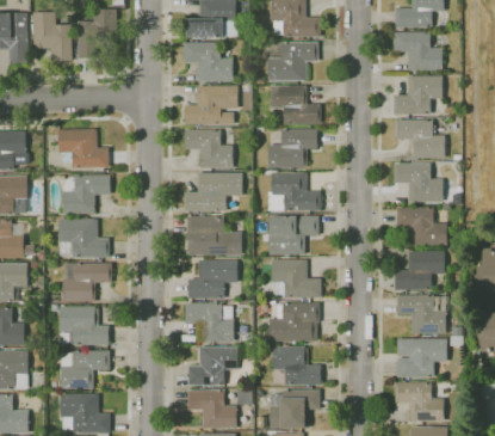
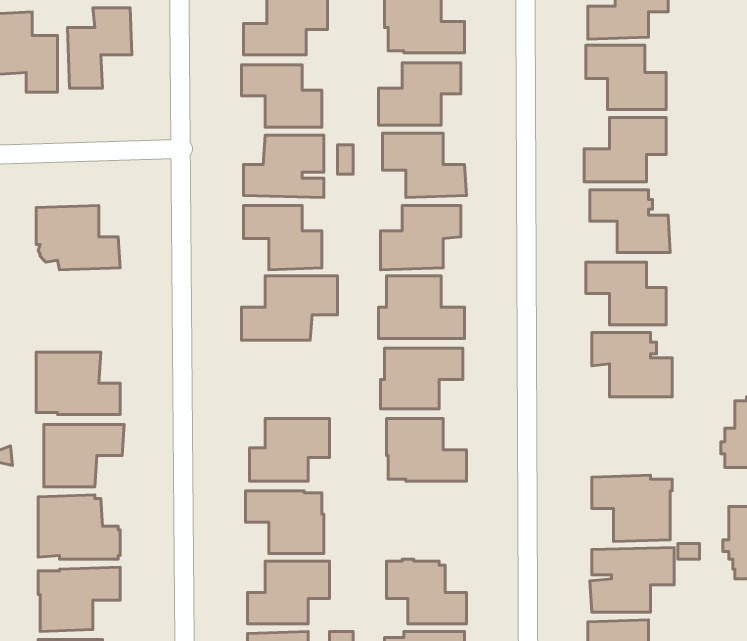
building: [62,174,110,214] -> none
building: [186,216,241,254] -> none
building: [394,251,445,289] -> none
building: [268,302,318,340] -> none

